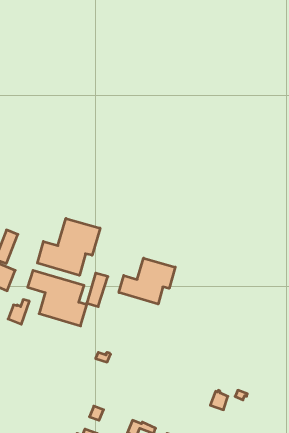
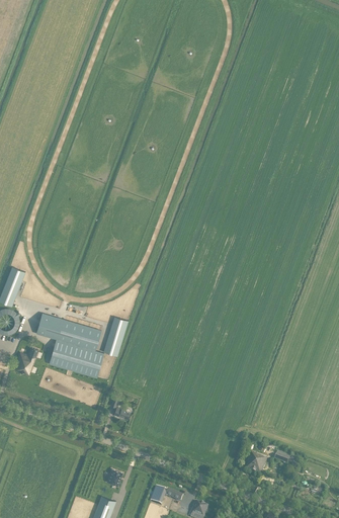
building: [37,218,100,275] -> none
building: [119,258,175,304] -> none

